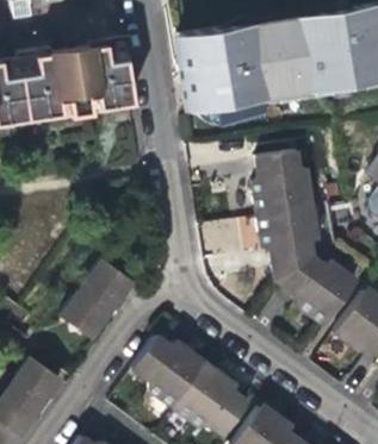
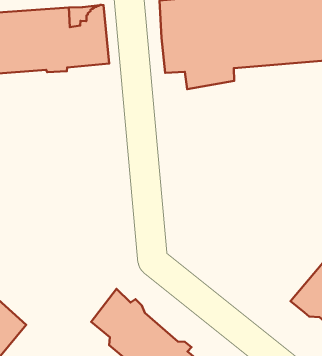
building: [258,150,357,326] -> none
building: [63,255,137,336] -> none

